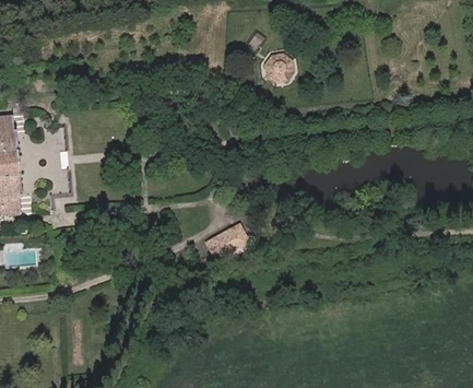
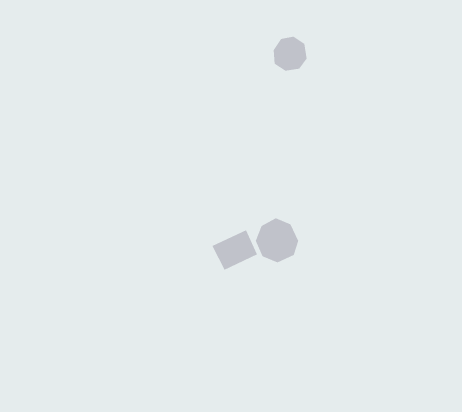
building: none -> [255,217,299,263]

